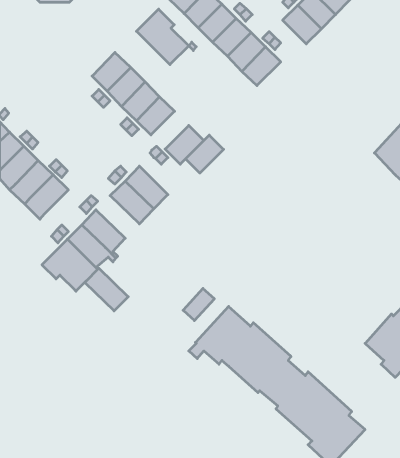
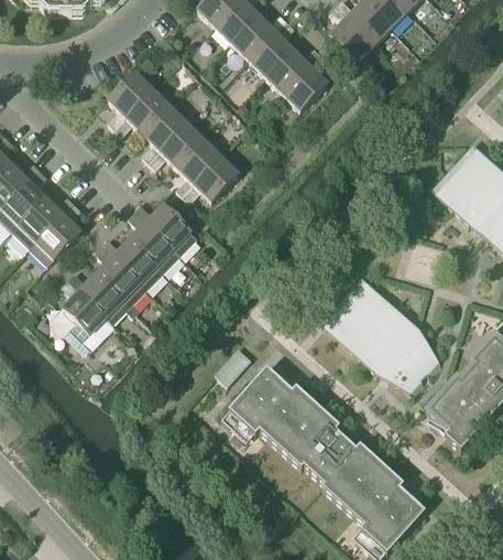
building: [136,9,189,65] -> none
building: [186,135,224,173] -> [176,139,220,183]
building: none -> [326,281,440,392]
building: [85,268,128,311] -> [112,237,163,287]

